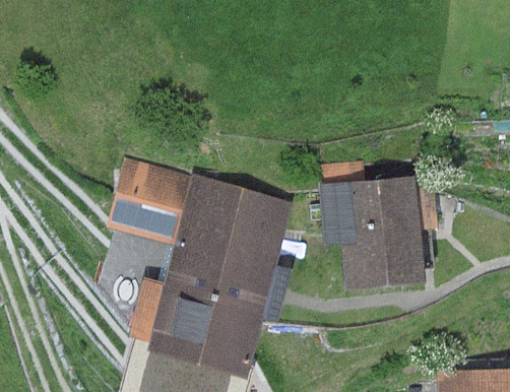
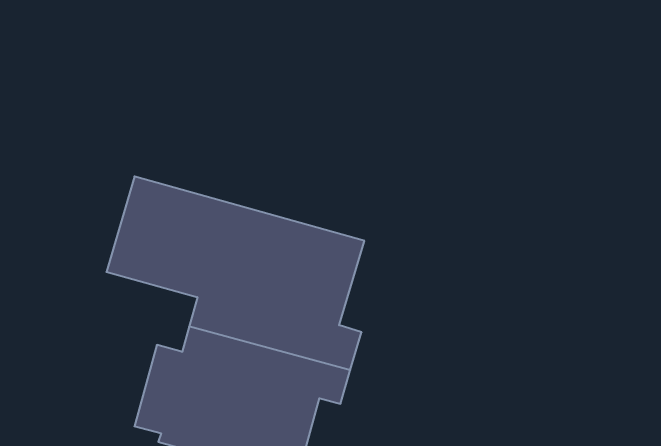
building: [318,164,438,288] -> none

